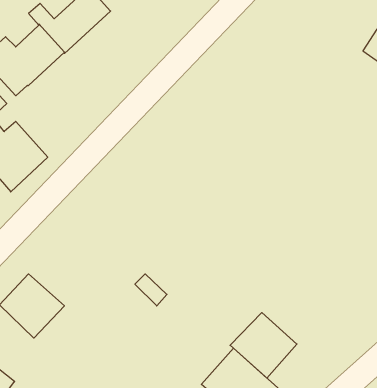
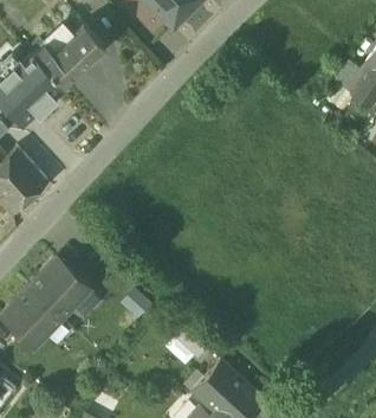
building: none -> [28,258,89,317]
building: [230,313,297,378] -> none

